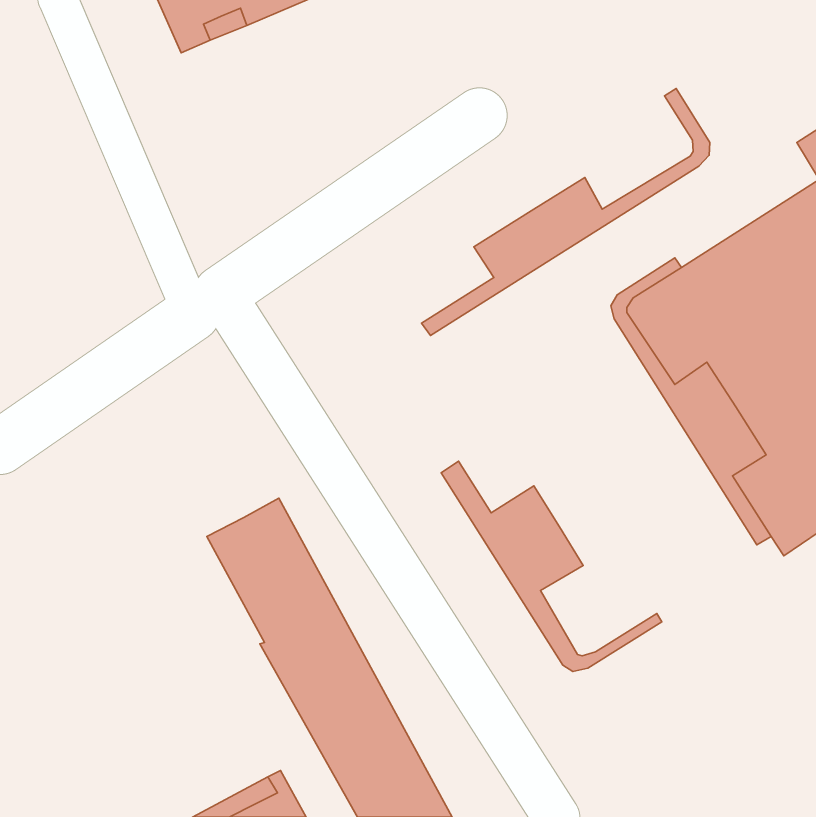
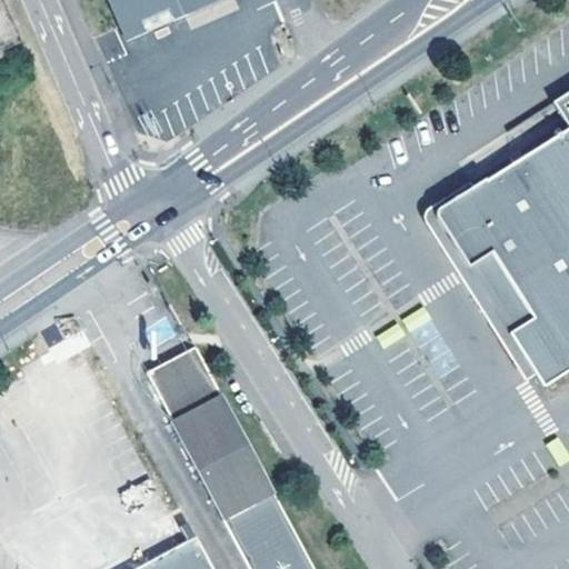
building: [421,89,710,335] -> none
building: [441,461,662,671] -> none

